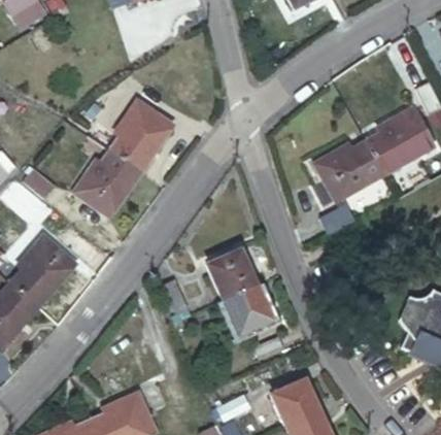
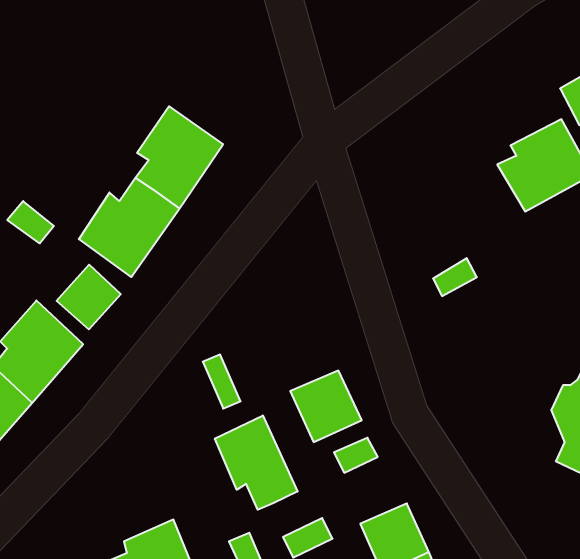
building: [314,139,387,202] -> none
building: none -> [57,265,121,329]
building: [206,248,256,299] -> none
building: none -> [215,415,298,510]

